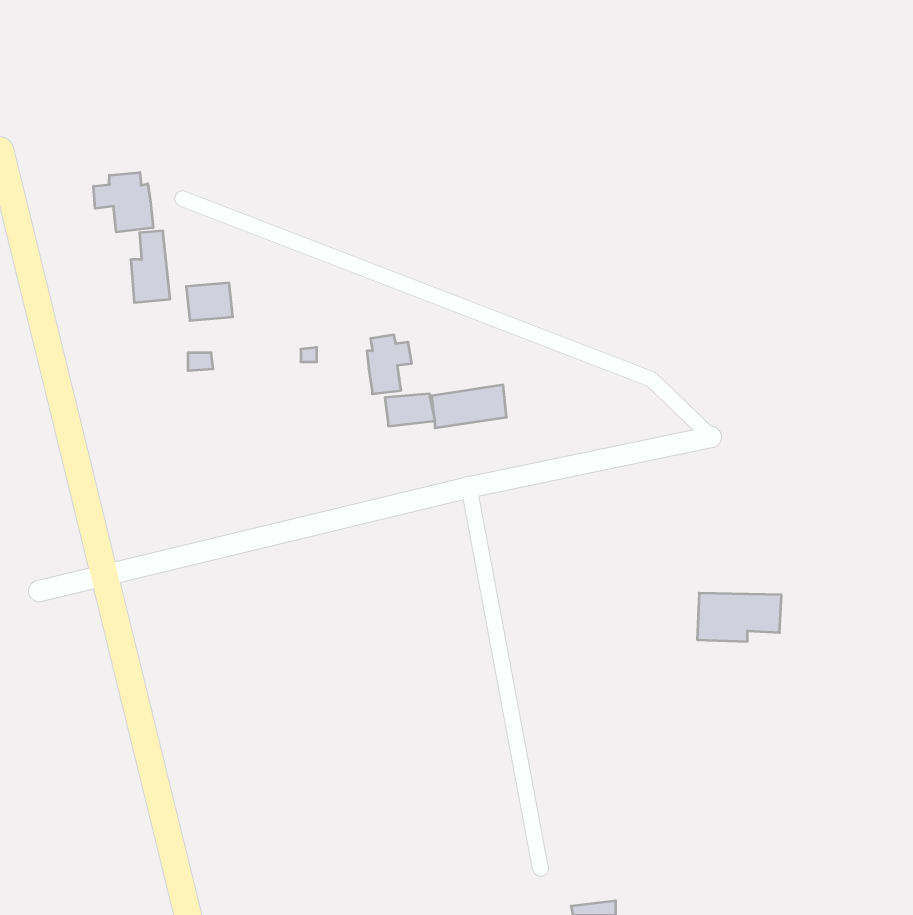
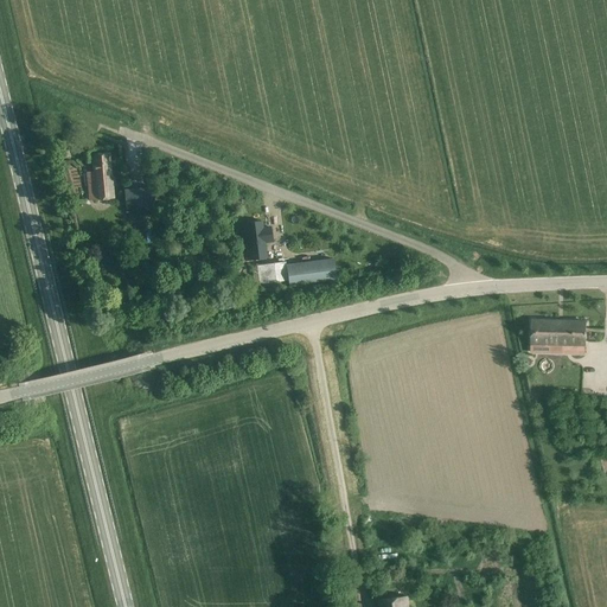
building: [94,172,153,232] -> none
building: [697,593,781,641] -> [532,320,588,352]

